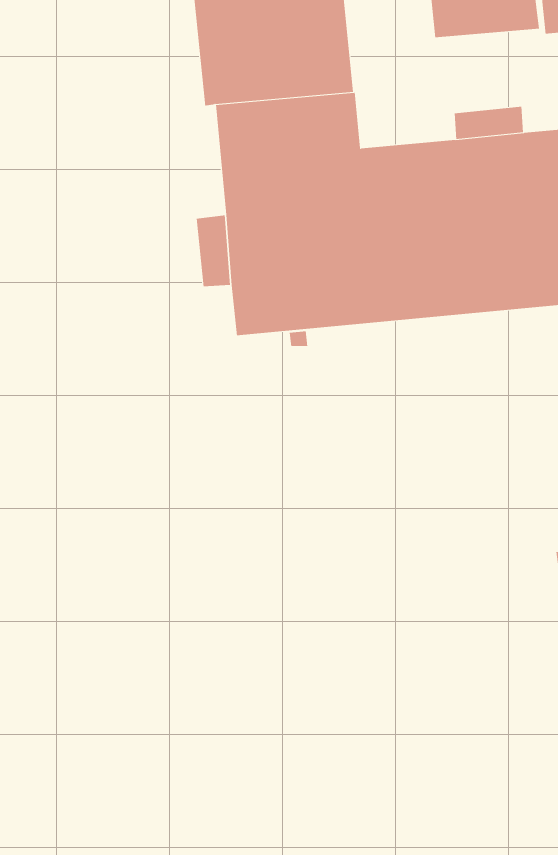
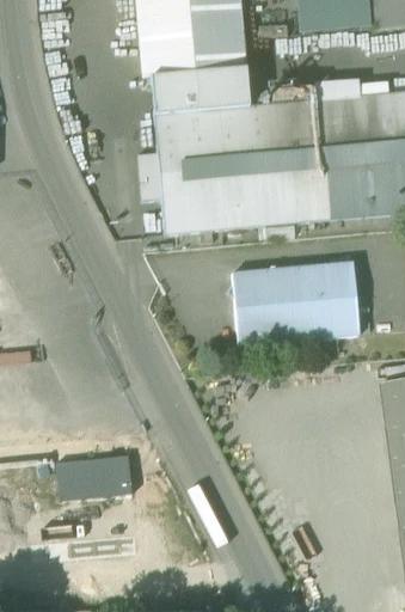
building: none -> [226,261,358,345]
building: none -> [55,454,131,500]

